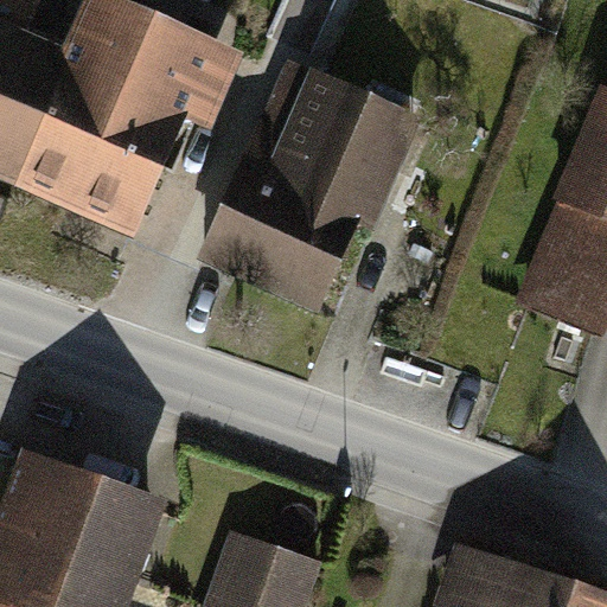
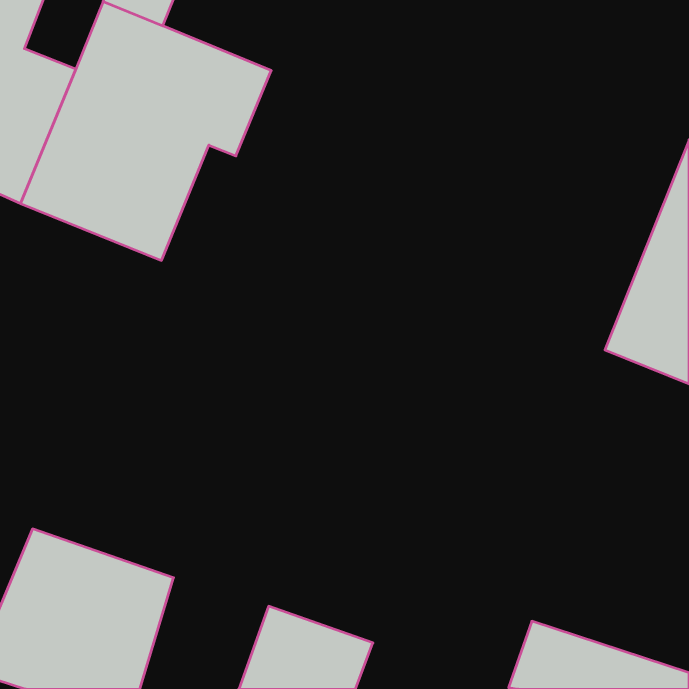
building: [210,69,417,314] -> none

